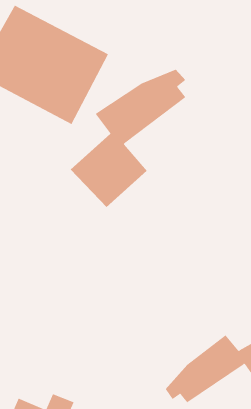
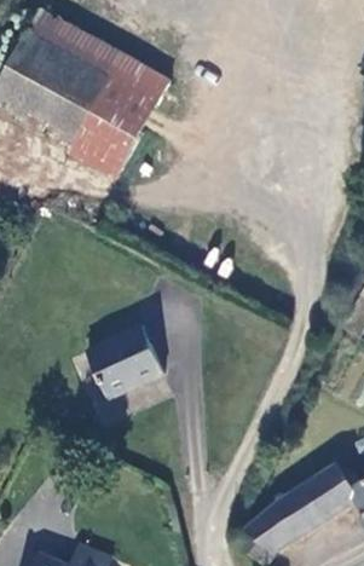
building: [70,69,186,208] -> none
building: none -> [86,317,162,394]

